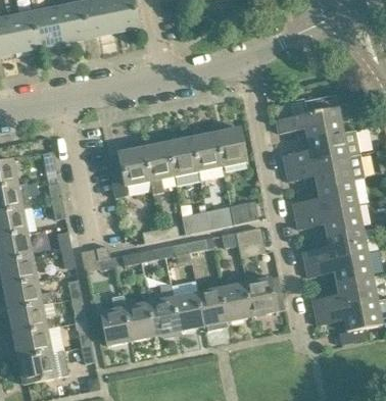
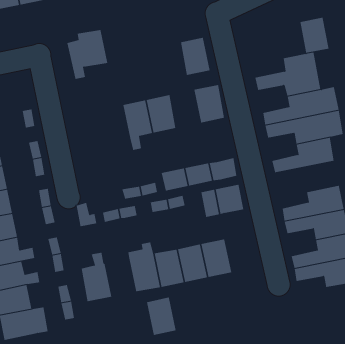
building: none -> [300,17,329,54]
building: [191,132,222,170] -> [180,37,211,76]
building: [108,147,150,197] -> [67,30,108,79]
building: [296,203,361,235] -> none
building: [246,277,278,315] -> none
building: [126,301,156,340] -> [146,297,177,336]

